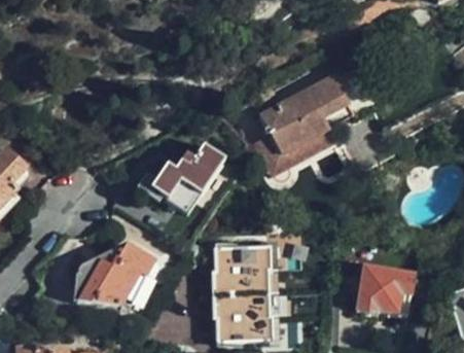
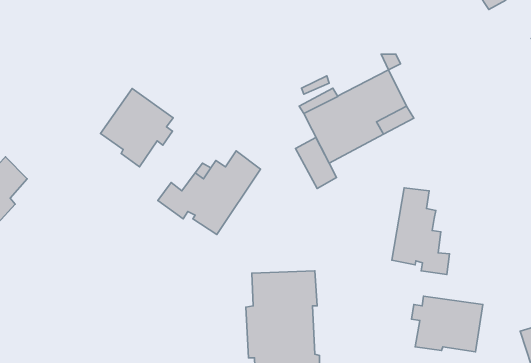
building: none -> [100,88,173,167]
building: none -> [392,188,449,275]
building: [76,244,157,308] -> none

